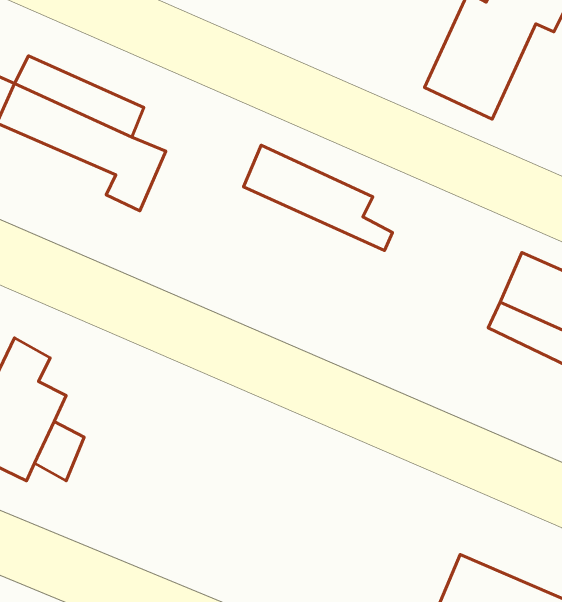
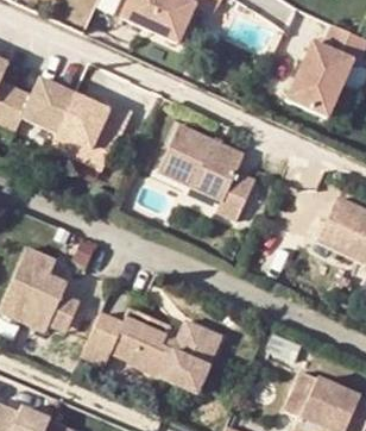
building: none -> [164,156,257,225]
building: none -> [82,307,221,392]

